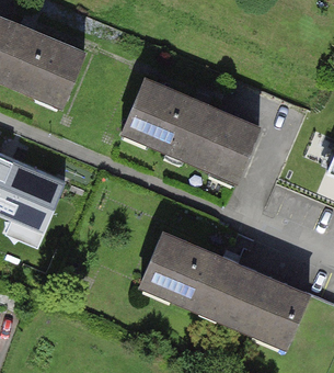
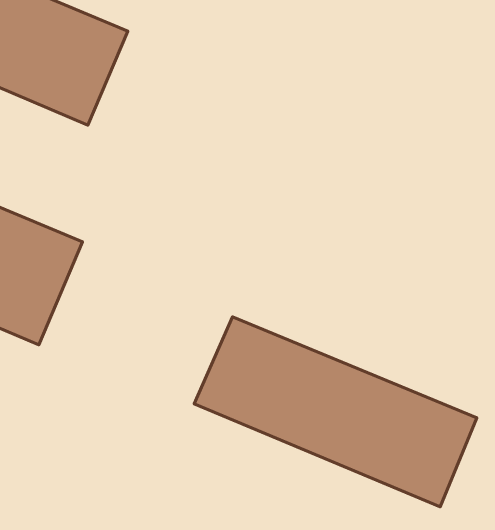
building: [124,79,267,185] -> none

